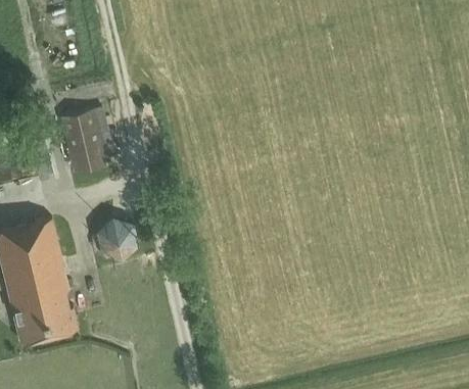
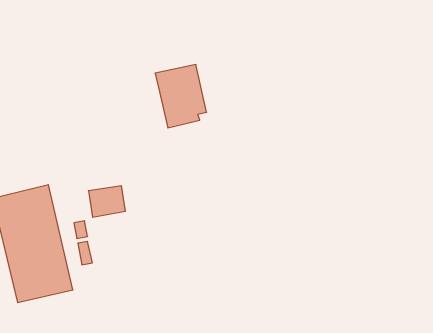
building: [59,108,113,175] -> [155,65,207,128]

